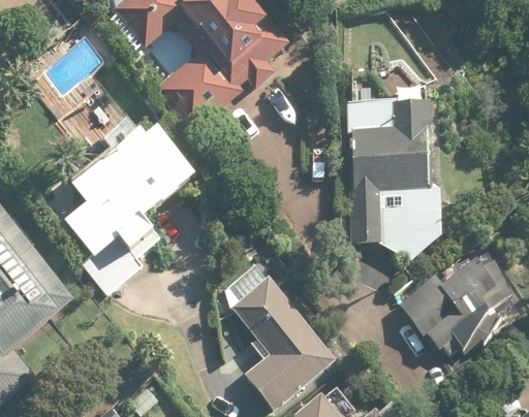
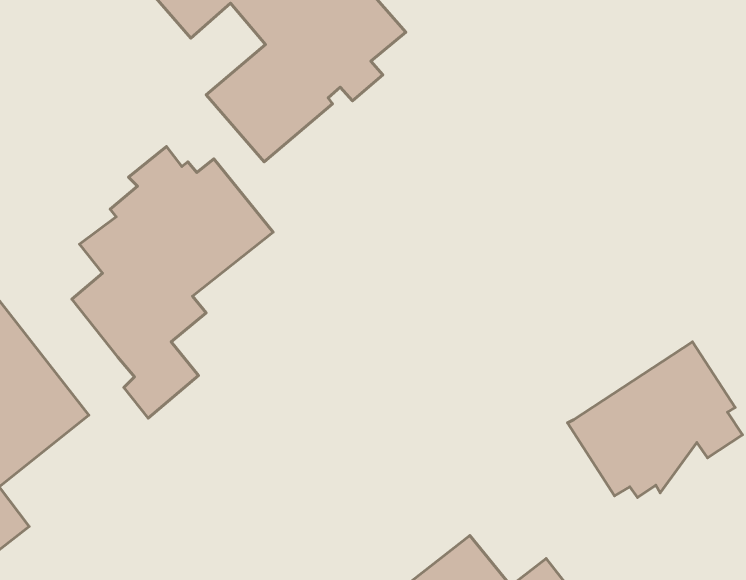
building: [346,83,441,260] -> none
building: [219,261,334,407] -> none

